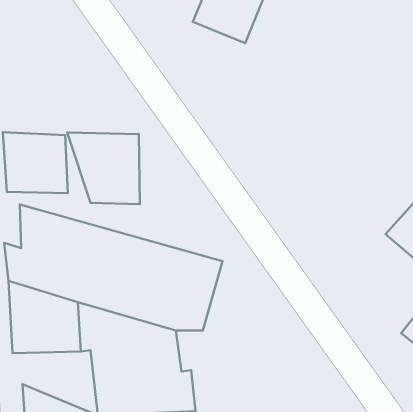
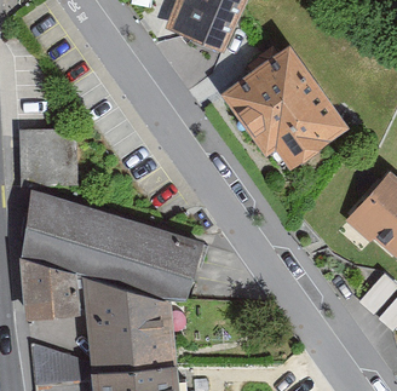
building: none -> [223,50,339,174]
building: [67,133,140,204] -> none

